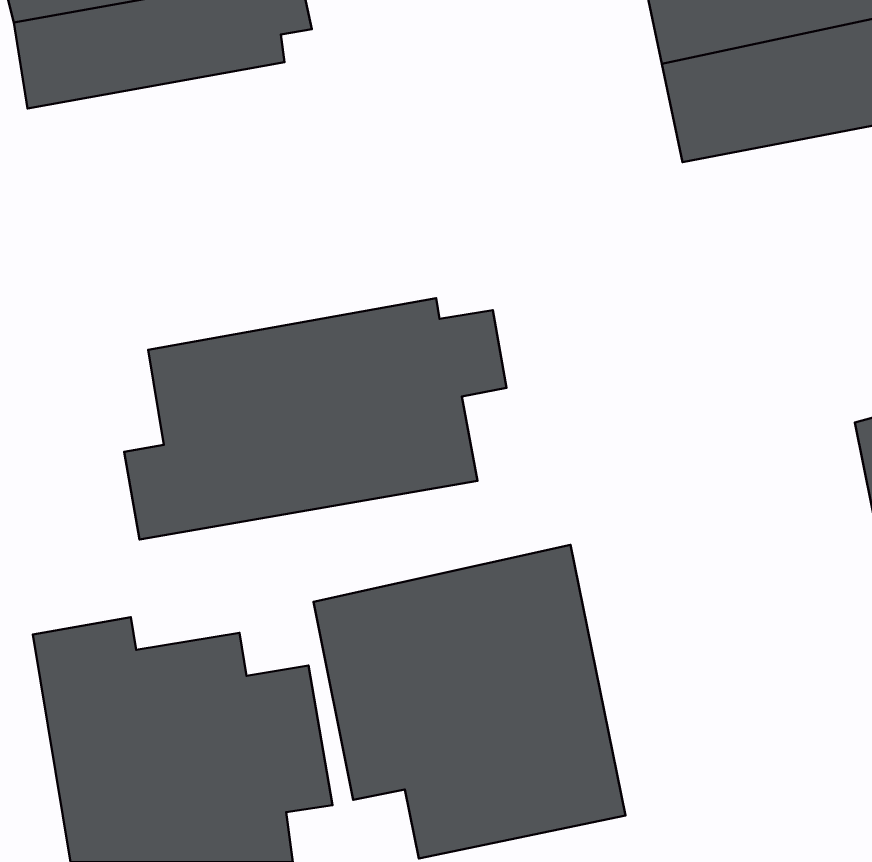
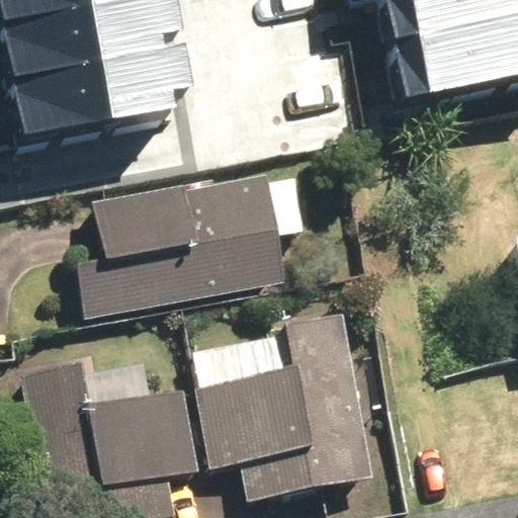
building: none -> [21,32,200,138]

